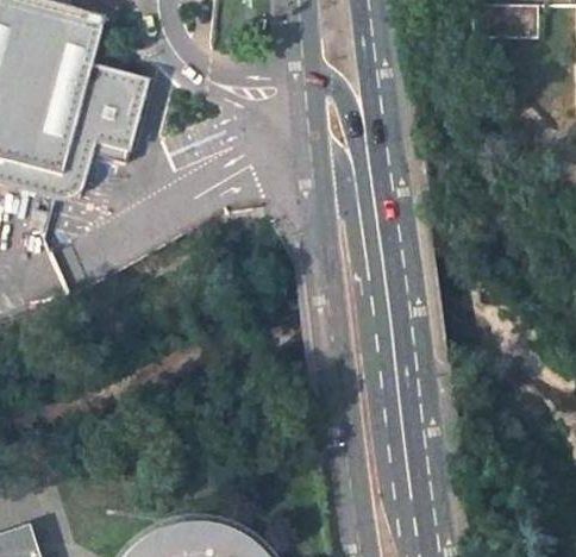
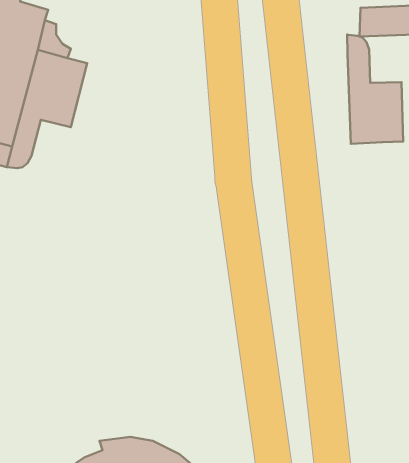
building: none -> [347,35,403,144]

